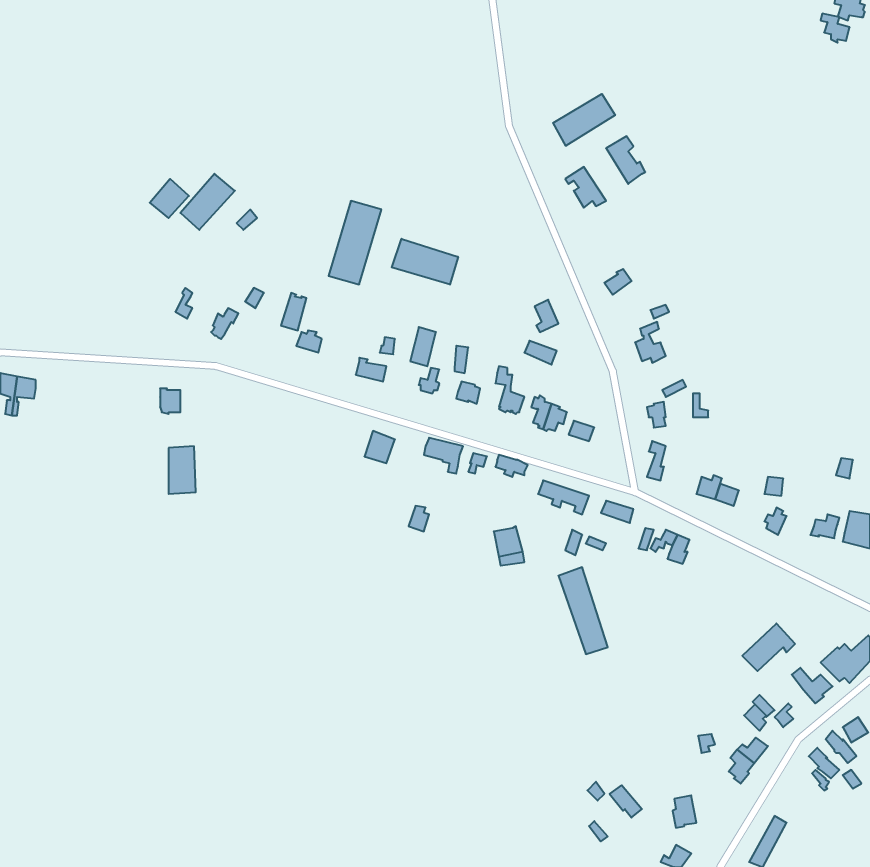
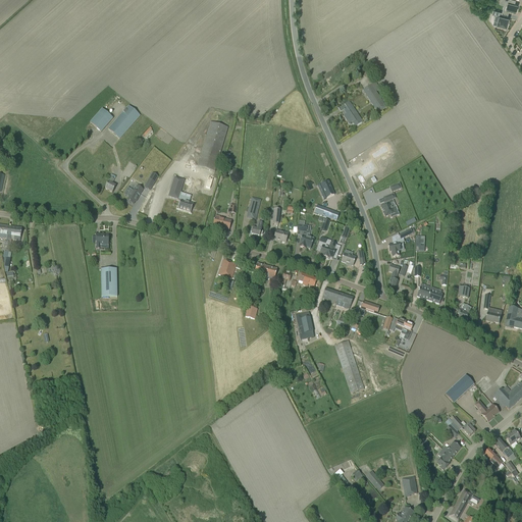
building: [553,94,615,146] -> none
building: [392,239,458,285] -> none

